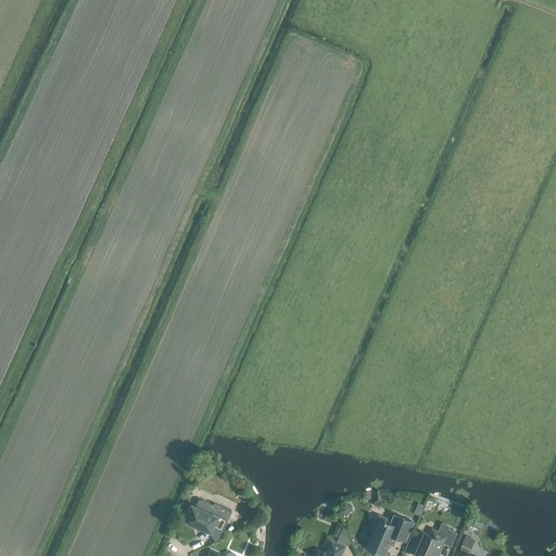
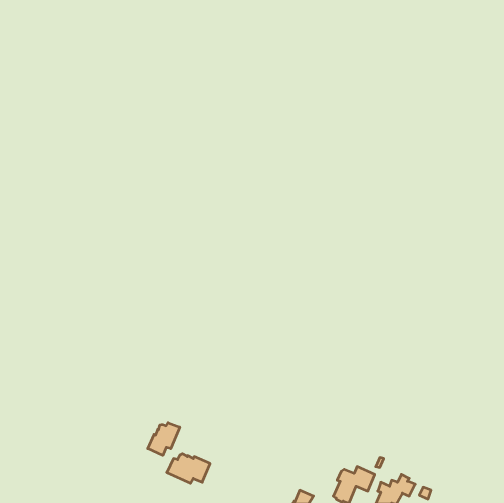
building: none -> [148,423,180,455]

